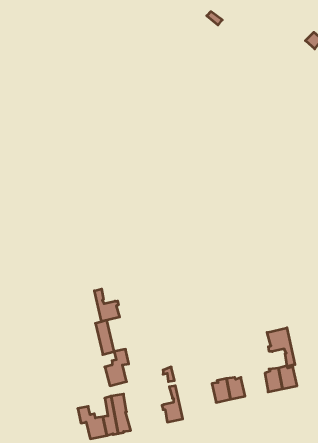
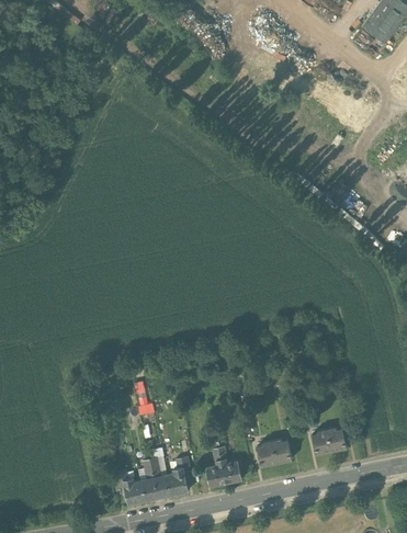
building: [94,289,120,322] -> none
building: [267,328,295,367] -> none
building: [105,349,129,386] -> [165,457,190,496]
building: none -> [217,447,241,484]

